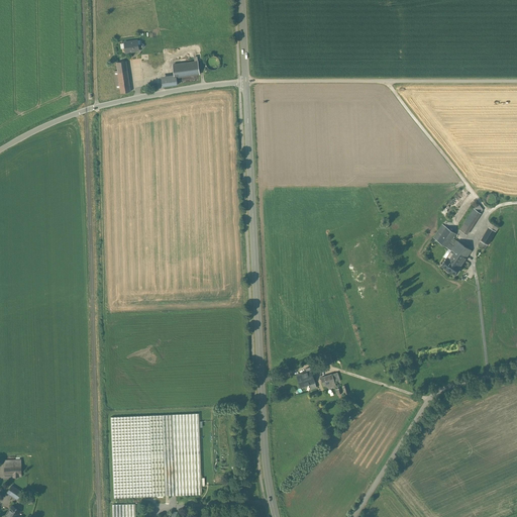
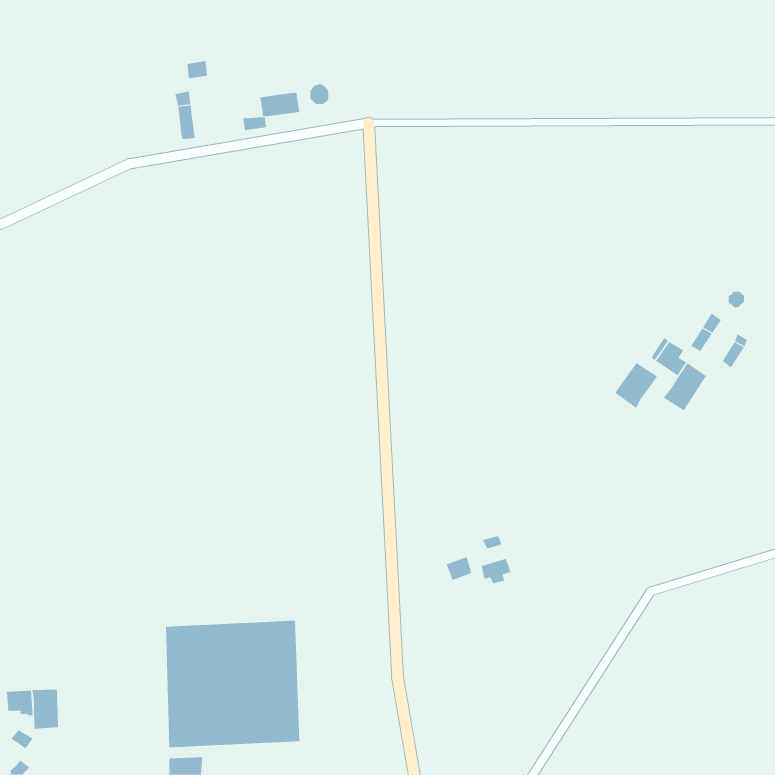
building: none -> [614,362,658,409]
building: none -> [32,689,58,729]

